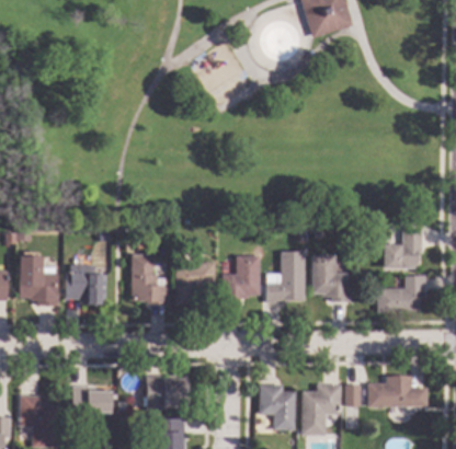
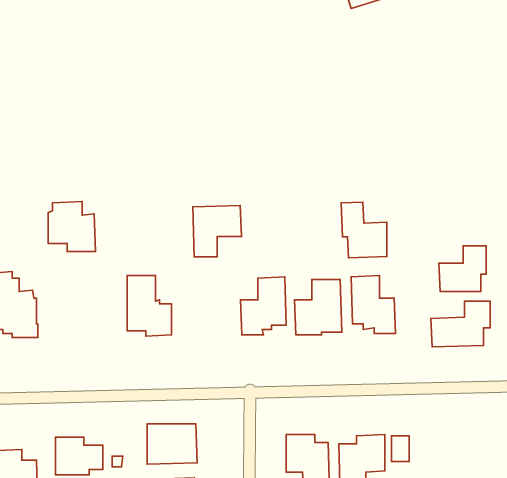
building: none -> [341,202,387,258]
building: [175,262,215,303] -> [193,206,241,257]
building: [67,264,105,304] -> [48,202,96,251]
building: [367,376,426,414] -> none

